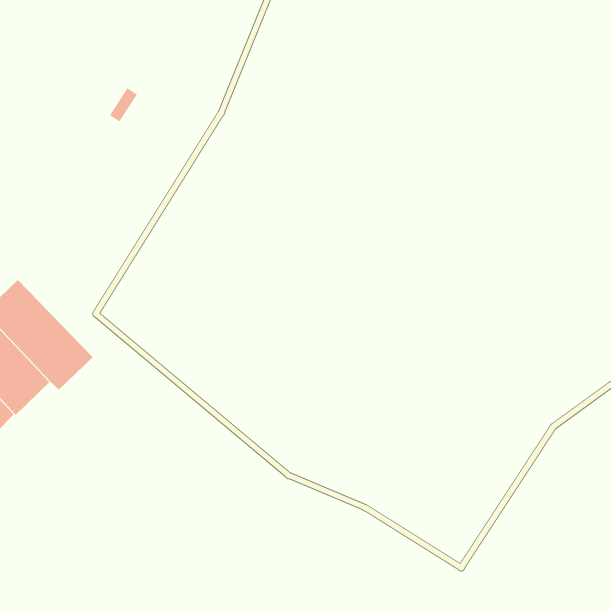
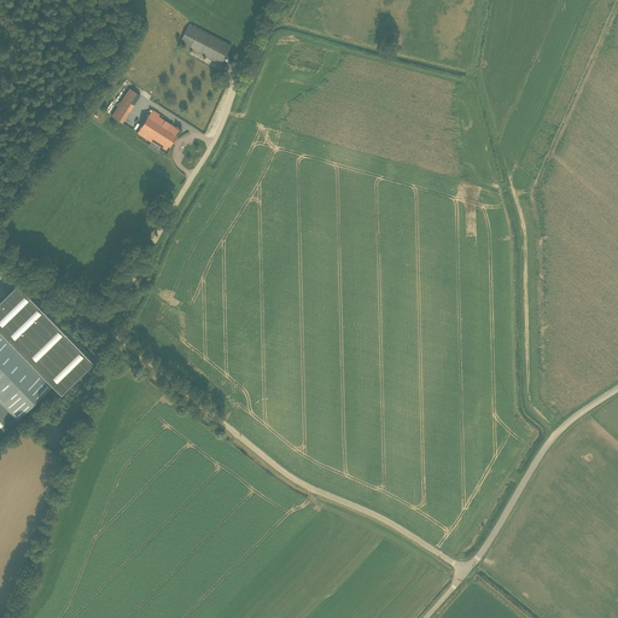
building: none -> [179,25,231,68]
building: none -> [136,111,177,152]

